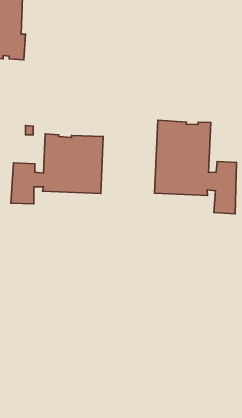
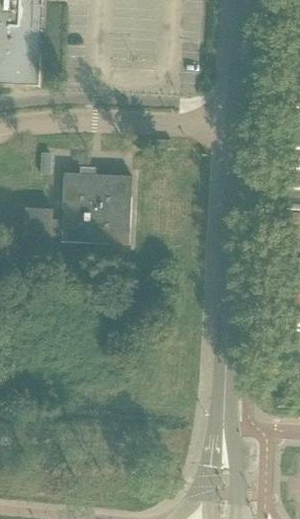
building: [155,120,237,214] -> none

